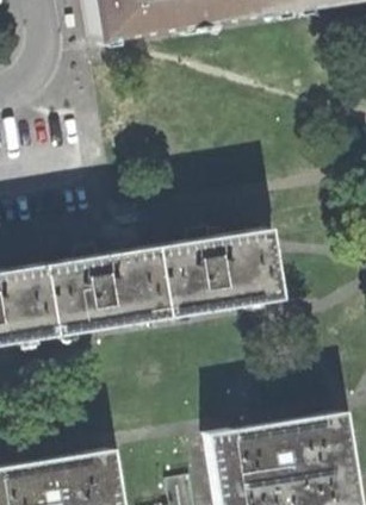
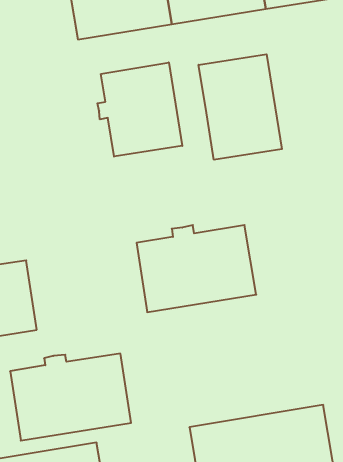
building: none -> [199,54,282,160]
building: none -> [97,62,182,157]
building: [43,248,166,336] -> [10,354,131,441]

